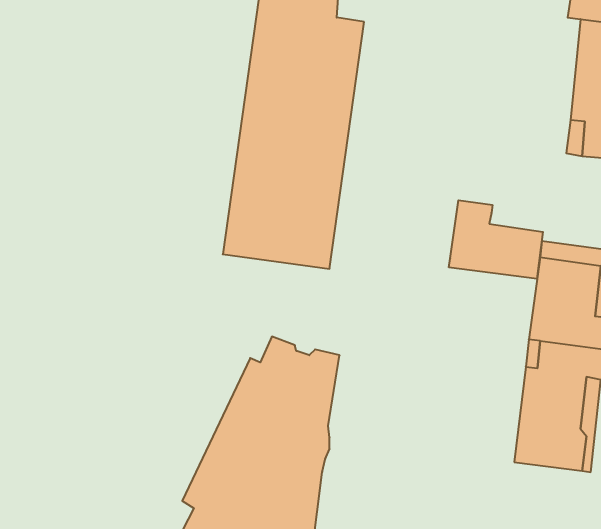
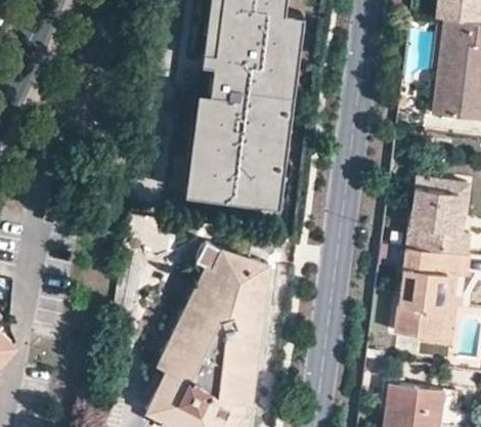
building: [449,200,543,279] -> none

